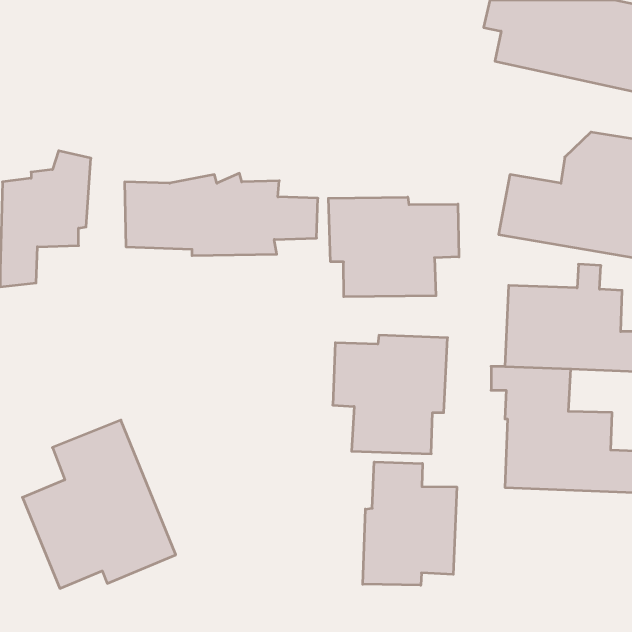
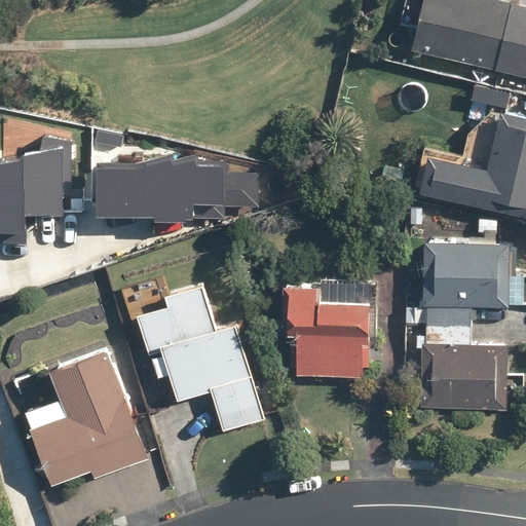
building: [328,197,459,297] -> none
building: none -> [134,285,267,435]
building: [363,462,457,585] -> none

